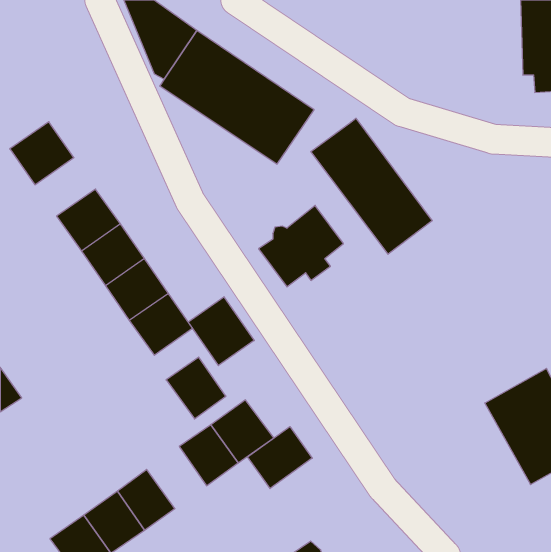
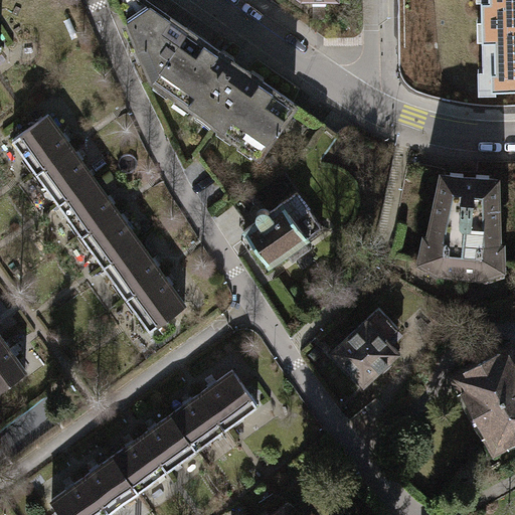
building: [311,118,432,254] -> none
building: none -> [36,149,93,203]
building: none -> [423,172,502,279]
building: [188,297,254,366] -> none
building: none -> [334,310,403,384]
building: [166,357,226,419] -> [140,416,195,474]
building: [247,427,312,489] -> none

